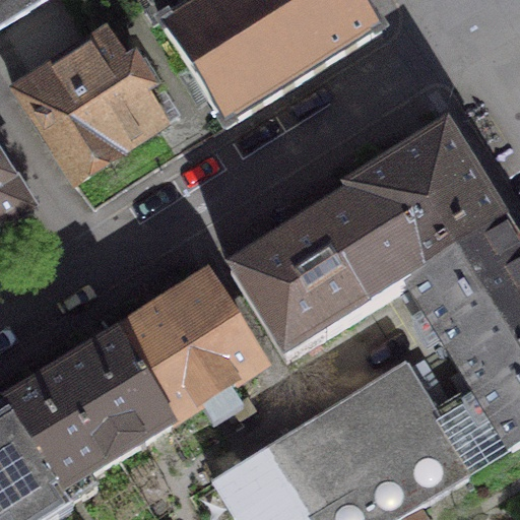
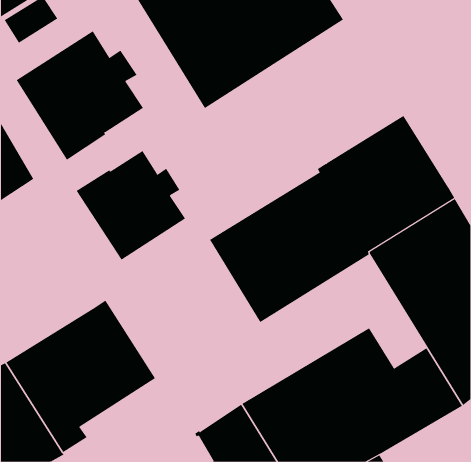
building: none -> [76,150,186,260]
building: [117,275,259,416] -> none

